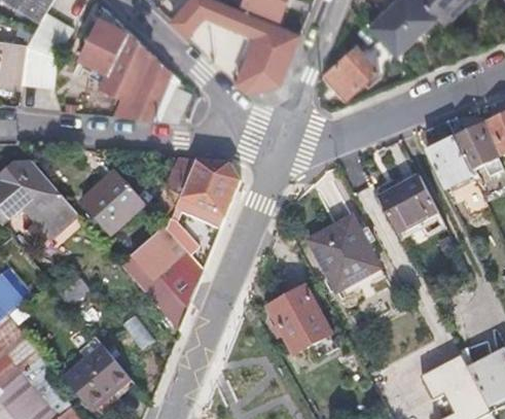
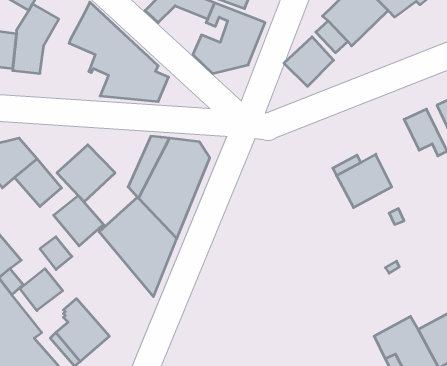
building: [425,140,470,191] -> none
building: [308,217,385,302] -> none
building: none -> [54,196,104,246]
building: [269,289,332,355] -> none
building: none -> [20,269,63,311]

